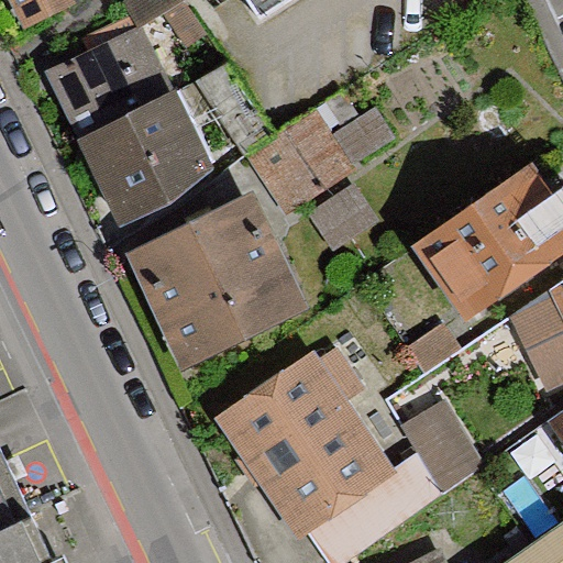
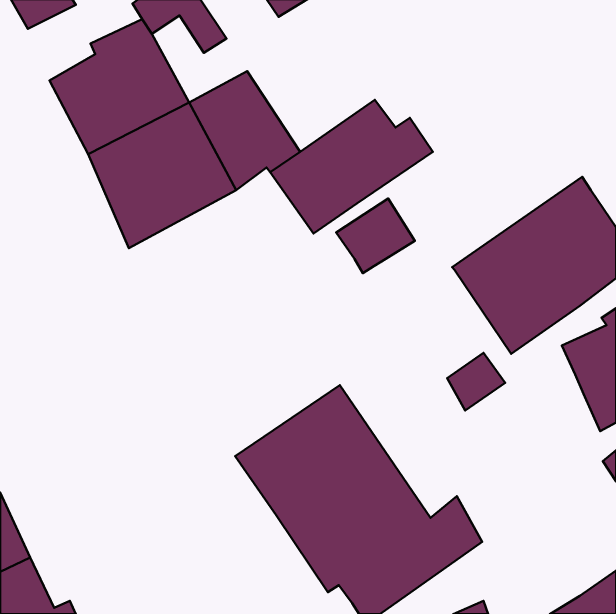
building: [123,190,306,366] -> none
building: [401,398,484,495] -> none

